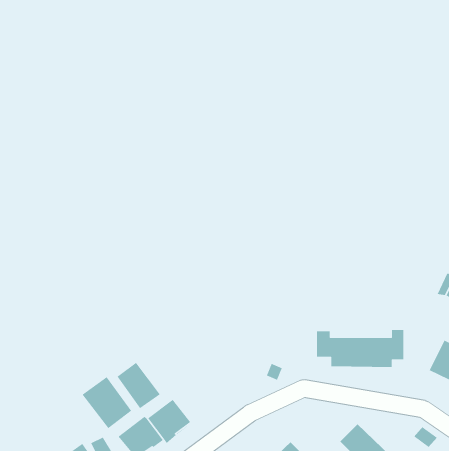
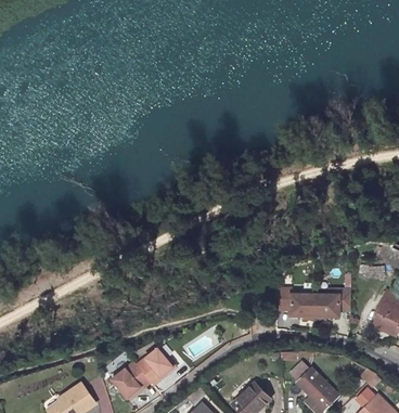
building: [117,362,161,409] -> none
building: [82,376,132,429] -> none

